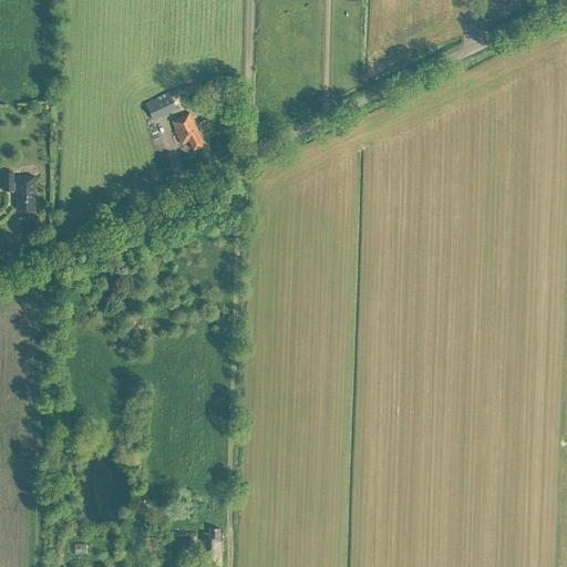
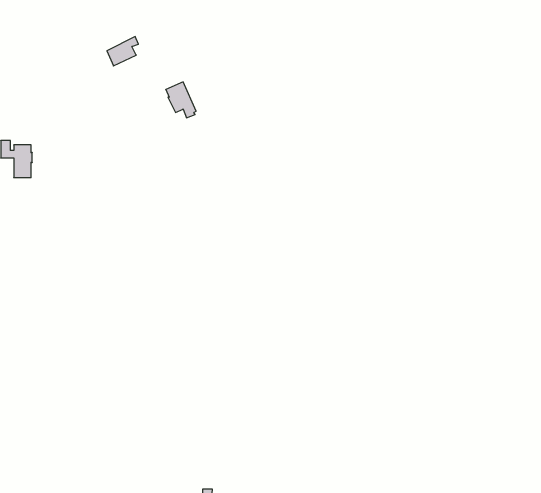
building: [146,90,178,120] -> [107,37,138,66]

